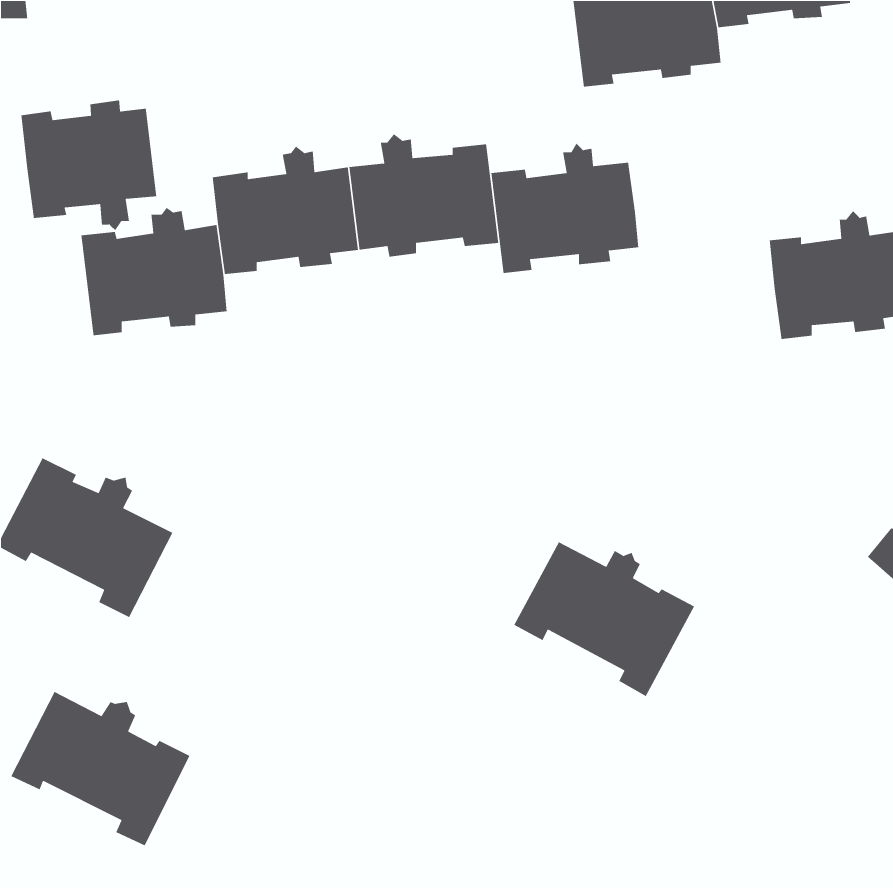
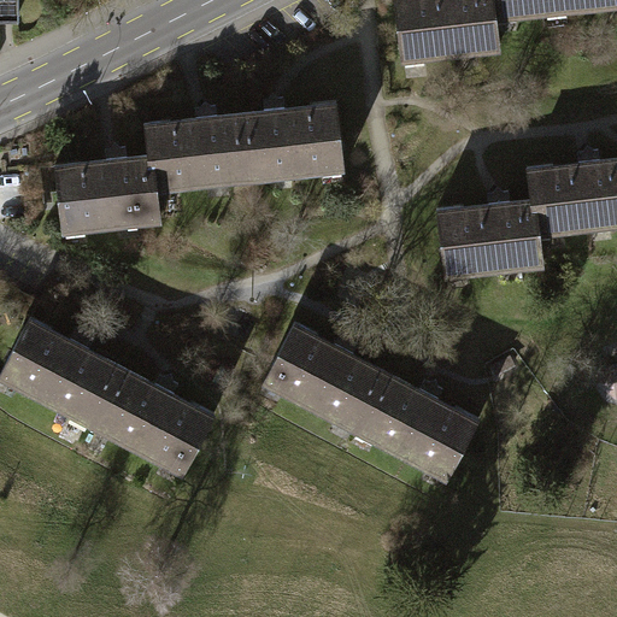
building: [21,100,157,231] -> none
building: [490,143,639,274] -> [439,190,541,281]
building: none -> [263,324,386,435]
building: [10,691,191,847] -> [90,371,215,478]

